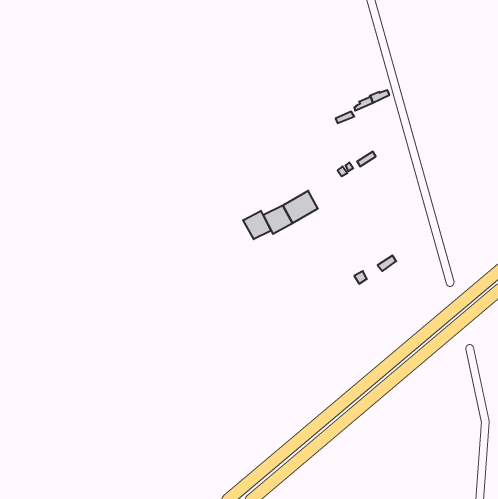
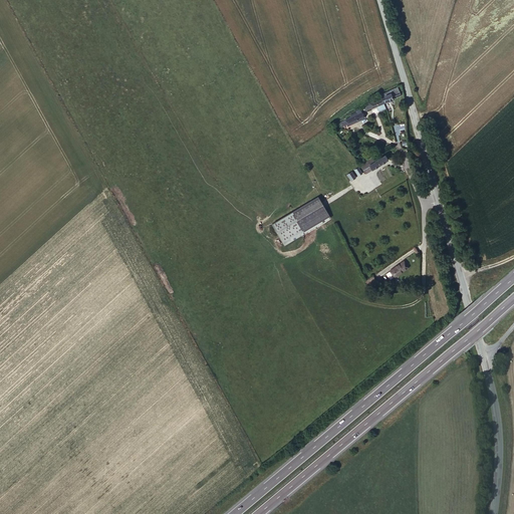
building: [243,211,271,239] -> none

